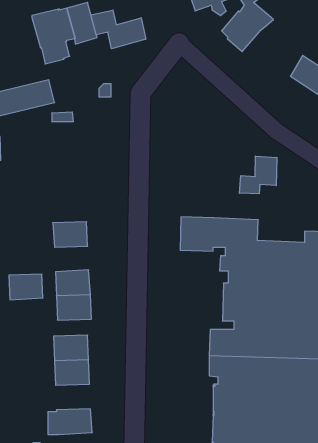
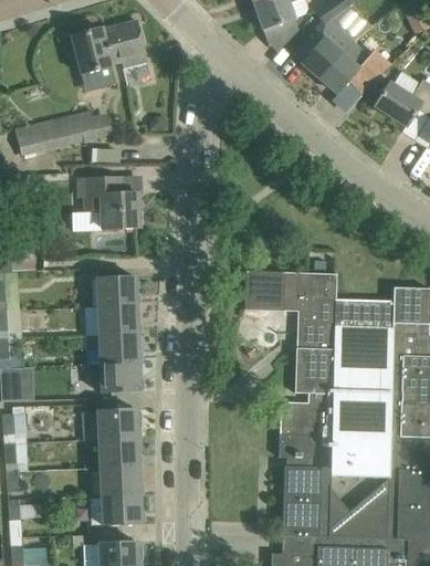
building: [91,10,146,49] -> none
building: none -> [318,40,388,94]
building: none -> [81,178,139,229]
building: [239,156,277,194] -> none
building: [9,274,43,300] -> [98,305,138,335]
building: none -> [99,467,140,496]

